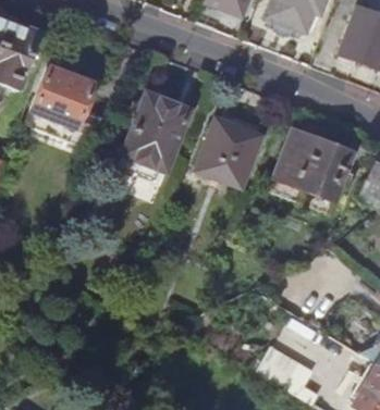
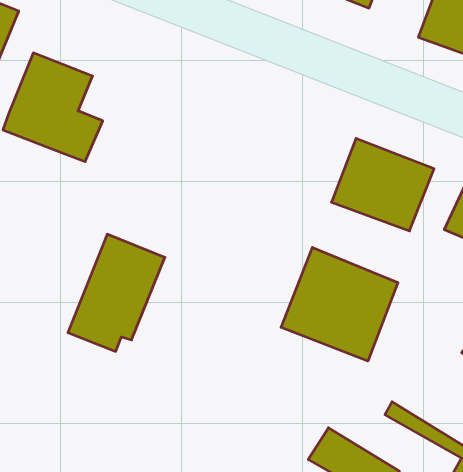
building: [119,90,192,178] -> [68,234,165,351]
building: [196,116,260,186] -> none
building: none -> [281,247,398,361]

